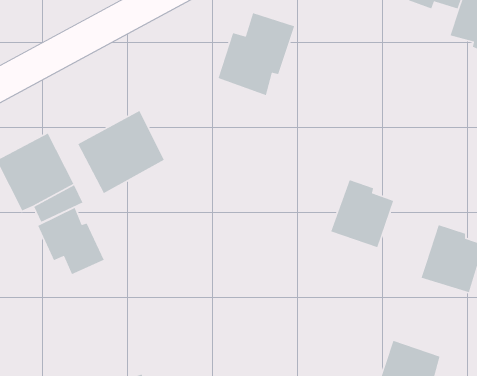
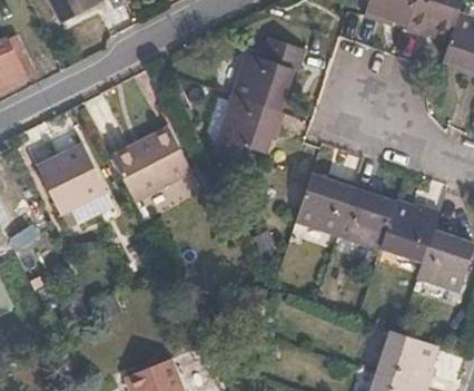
building: none -> [221,98,284,156]
building: none -> [296,177,354,234]
building: none -> [379,206,437,262]
building: [37,207,105,275] -> none

